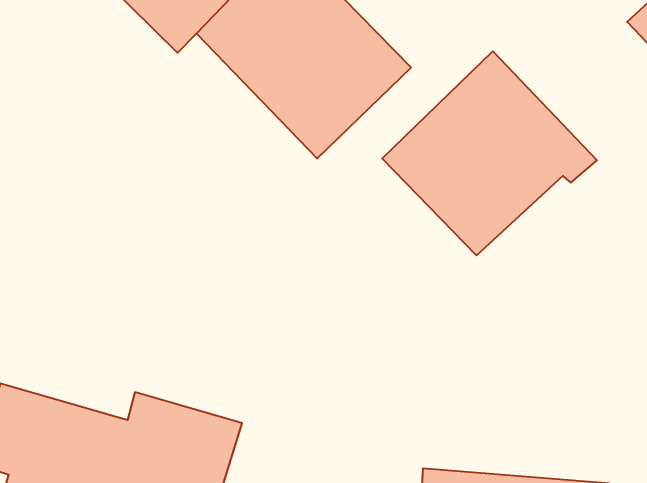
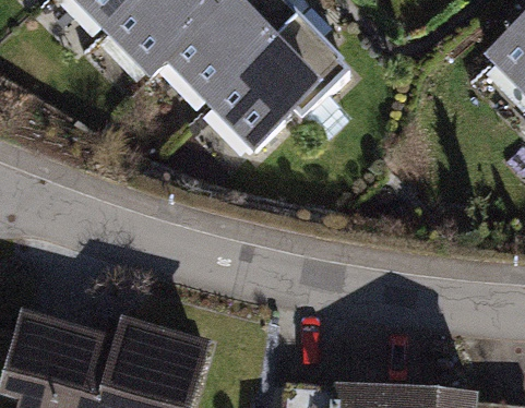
building: [382,51,597,255] -> none

